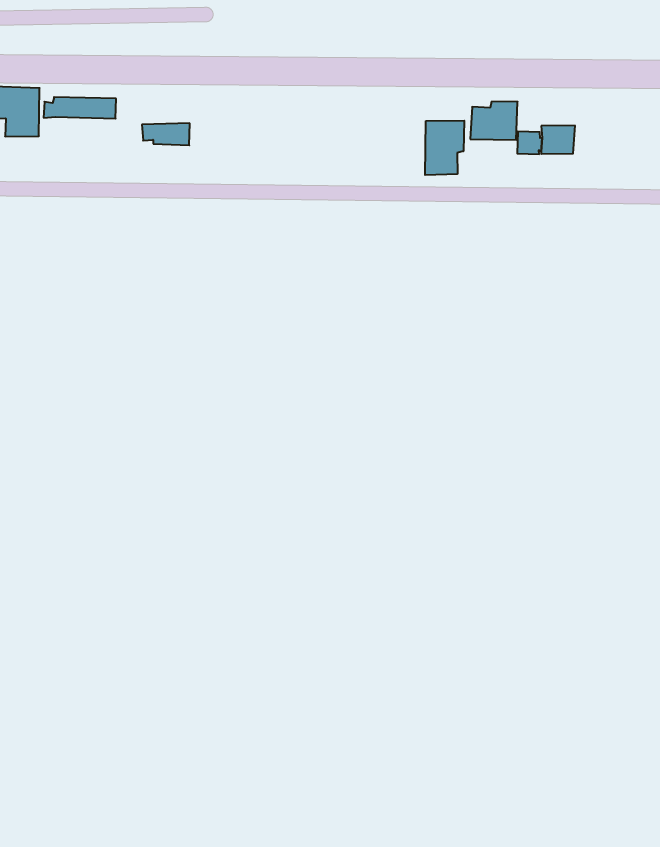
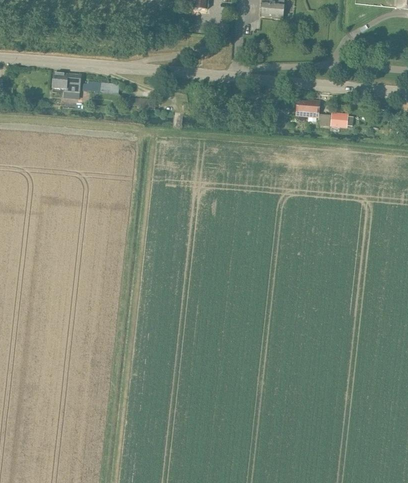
building: [425,121,464,175] -> none

